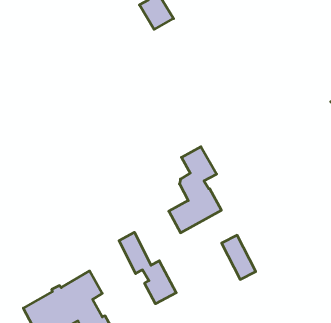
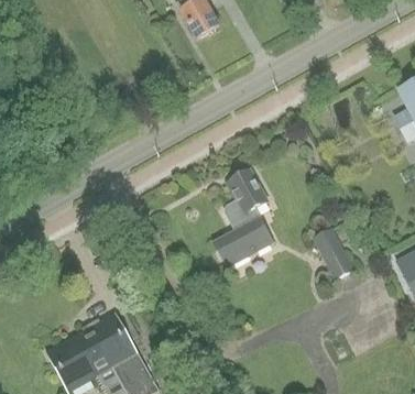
building: [119,232,176,304] -> none
building: [222,235,256,279] -> [314,229,352,278]

